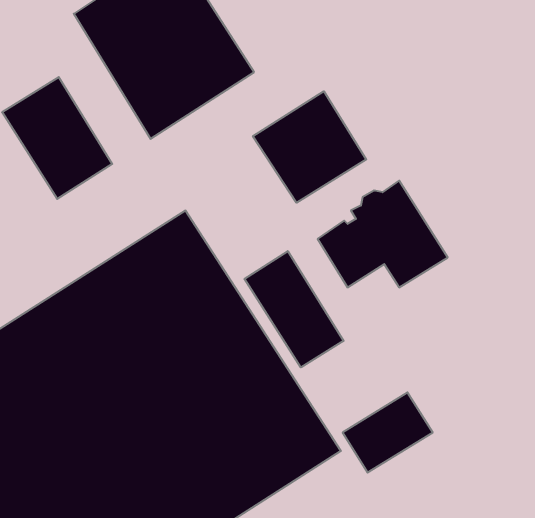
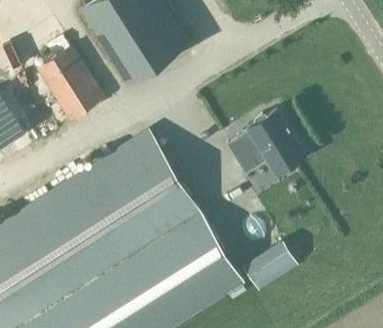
building: [253,91,366,203] -> none
building: [245,251,344,367] -> none

